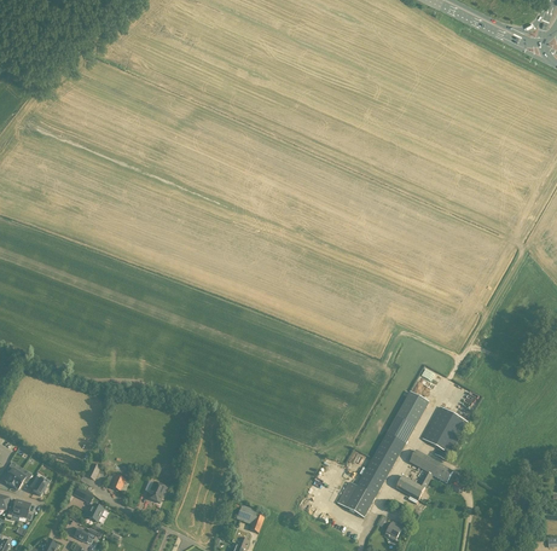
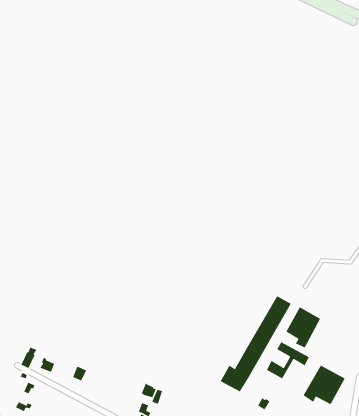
building: none -> [302,364,346,405]

